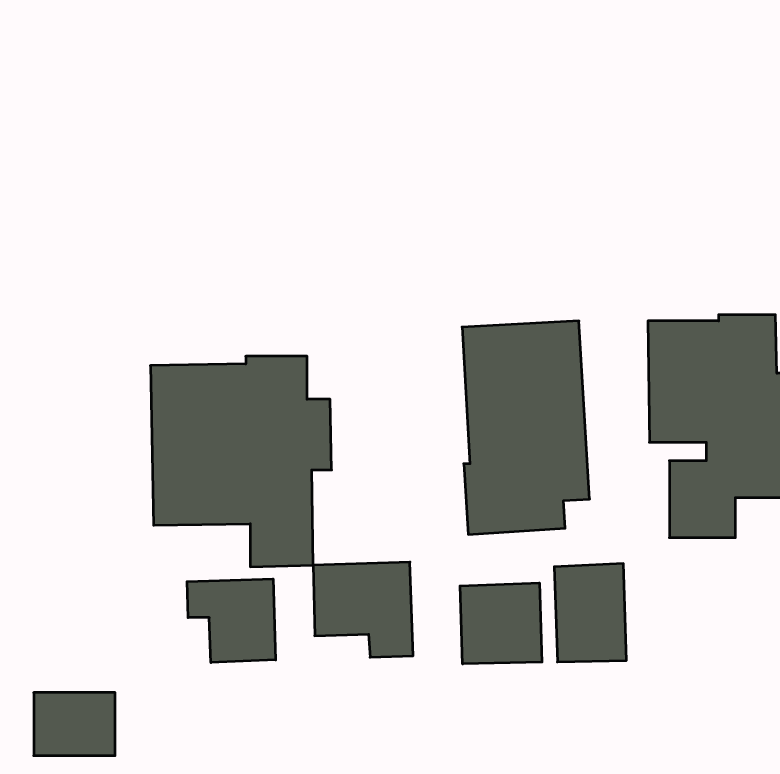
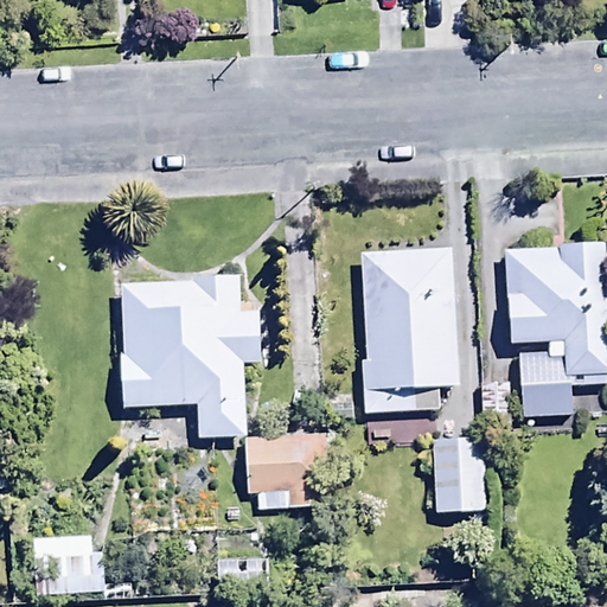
building: [187,579,276,663] -> none
building: [460,583,542,664] -> none

